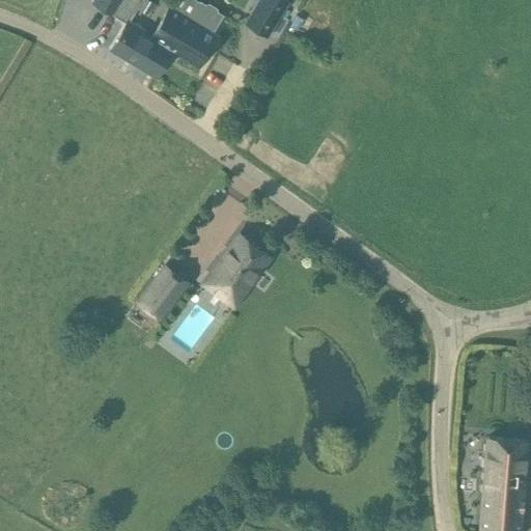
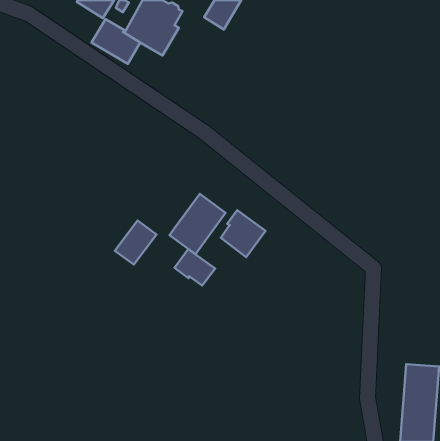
building: none -> [221,210,265,257]
building: none -> [175,249,215,285]

